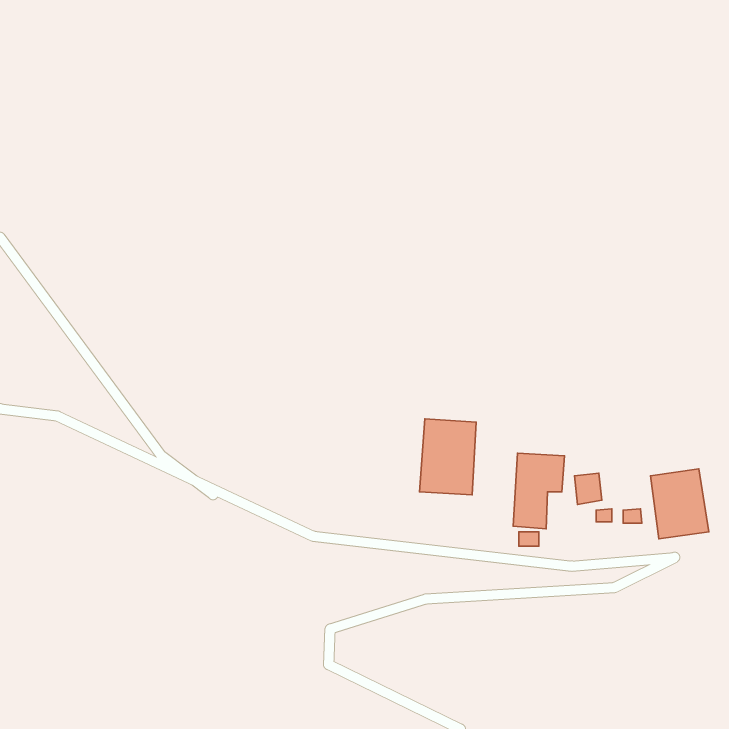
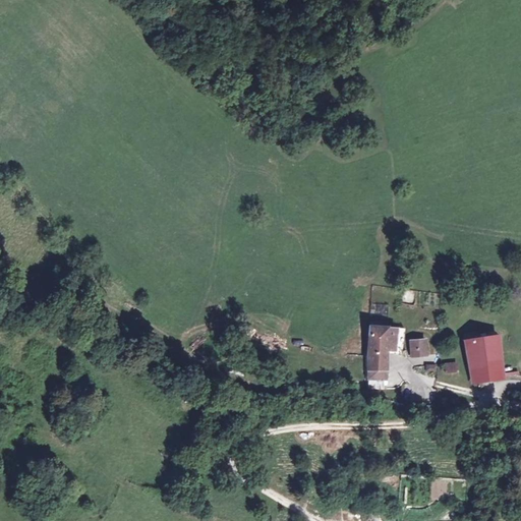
building: [419,419,476,495] -> none

